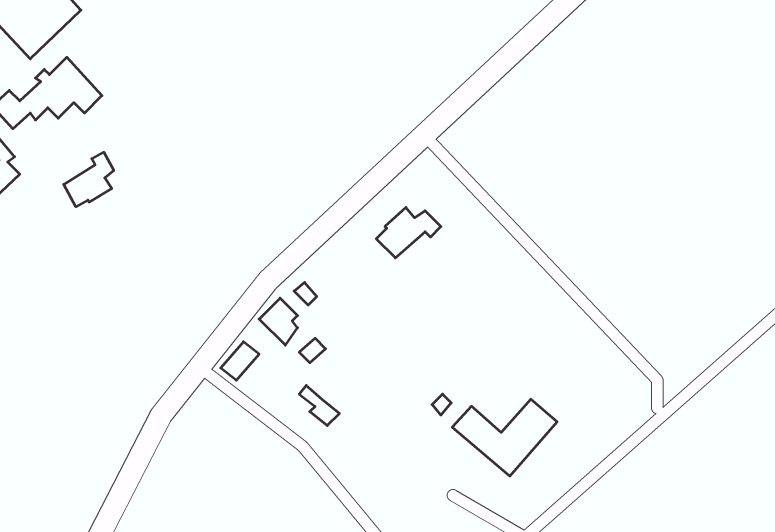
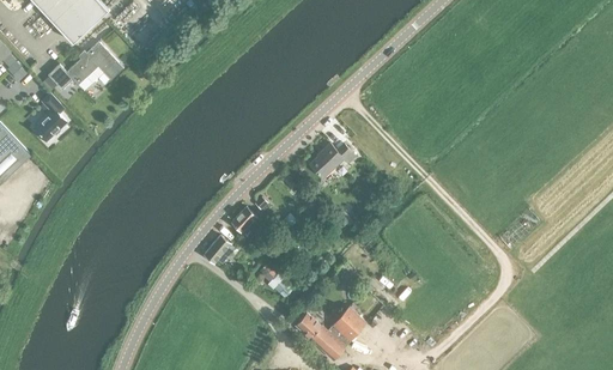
building: [64,152,114,207] -> none
building: [452,399,557,476] -> [292,307,364,359]

